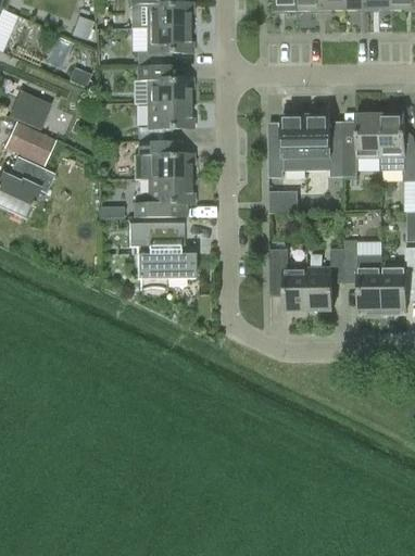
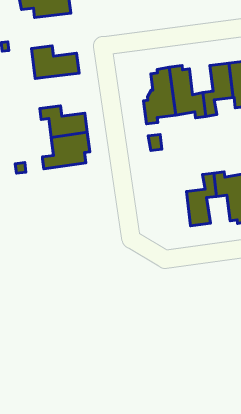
building: [137,27,192,65] -> none
building: [138,103,192,141] -> none
building: [129,223,194,289] -> none
building: [269,249,307,312] -> none

